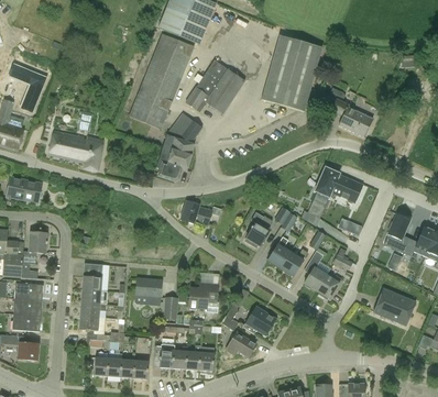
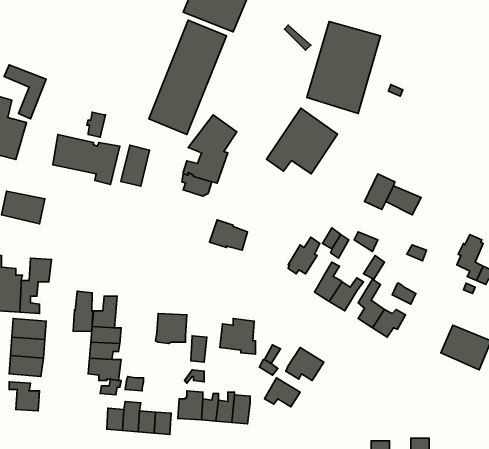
building: [185,58,244,113] -> [266,108,338,174]
building: [330,98,372,136] -> none
building: none -> [121,145,149,186]
building: none -> [73,291,93,331]

